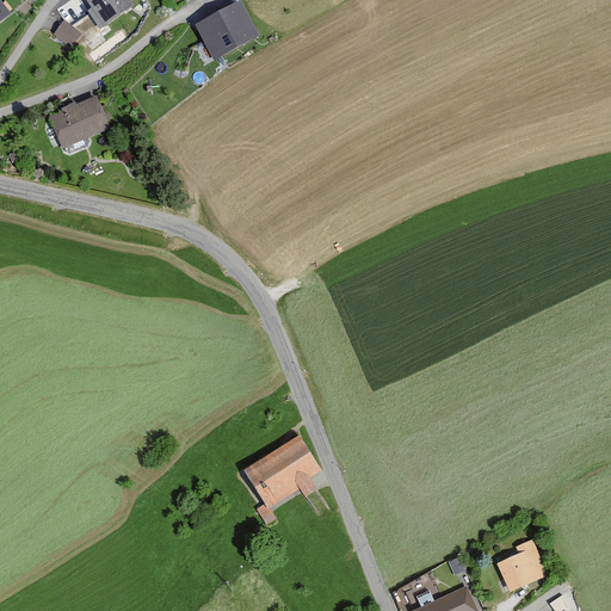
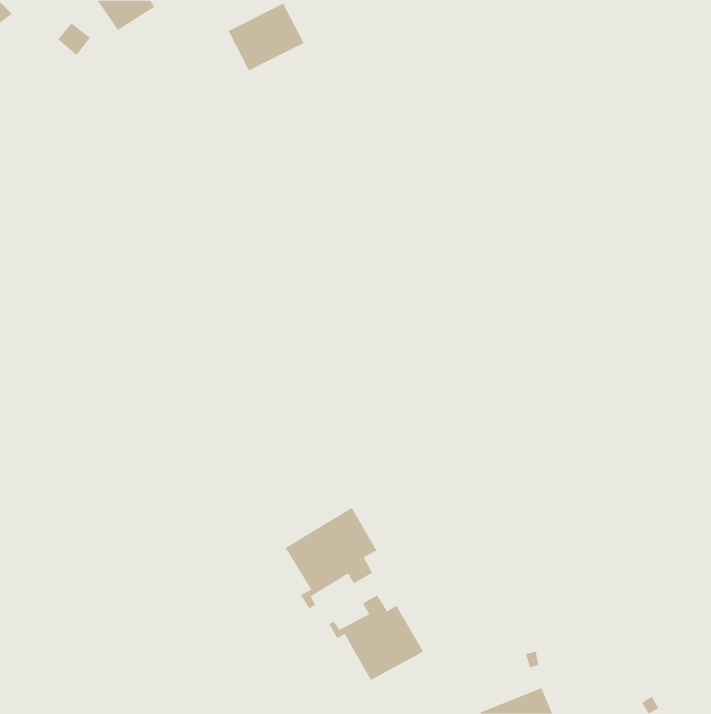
building: [47,97,109,152] -> none
building: none -> [328,594,424,681]
building: [496,537,545,590] -> none

